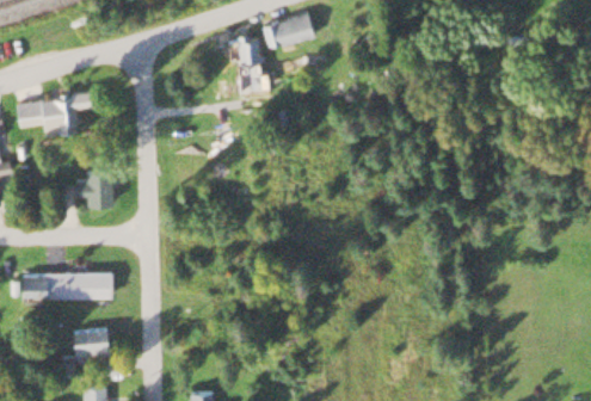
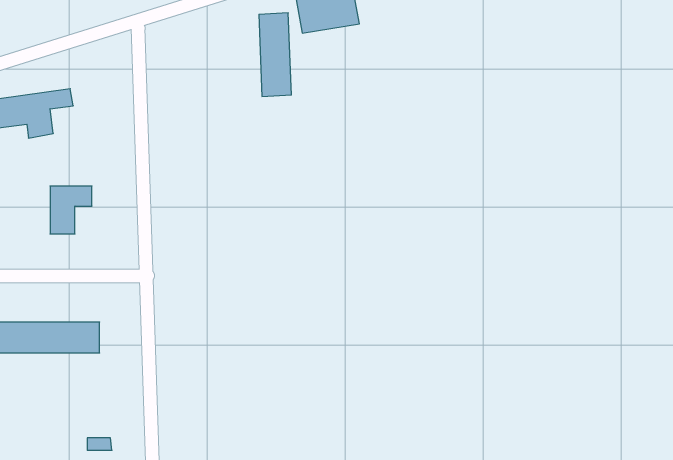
building: [74,331,110,358] -> none

